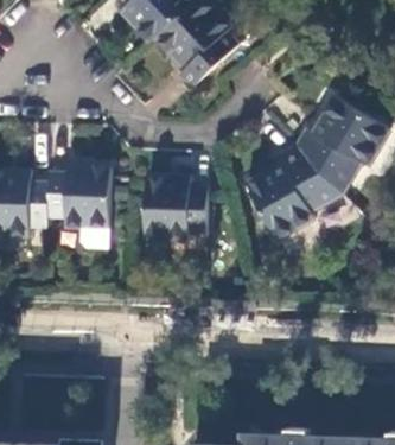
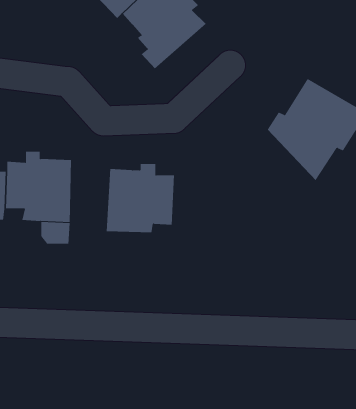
building: [243,144,338,236] -> none

